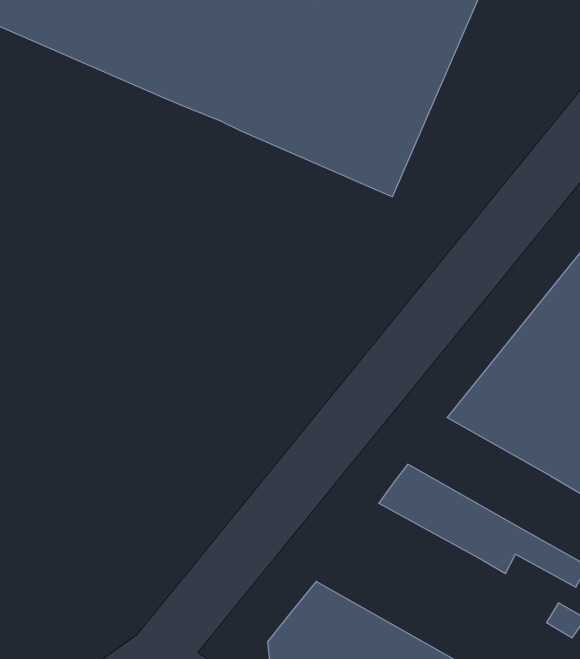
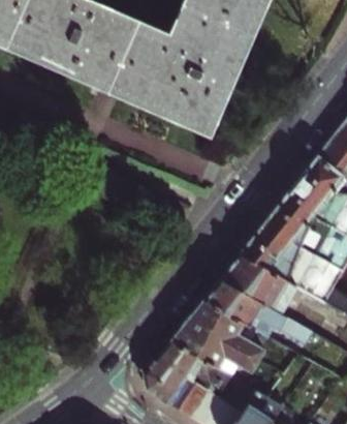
building: none -> [219,255,294,314]
building: none -> [170,301,264,377]

